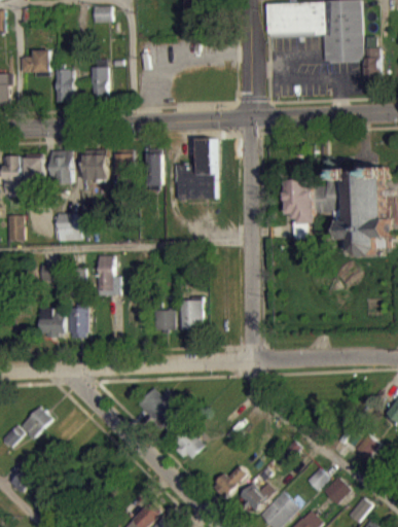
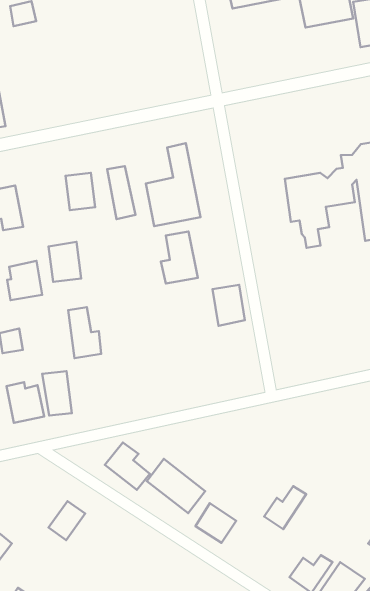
building: [91,67,108,98] -> none
building: [83,151,107,181] -> [49,242,81,282]
building: none -> [161,231,198,283]
building: [180,300,202,329] -> [213,285,245,326]
building: [154,310,174,330] -> none
building: none -> [105,443,150,490]
building: [20,407,50,437] -> [49,501,85,540]
building: [211,465,247,498] -> [264,486,306,529]

